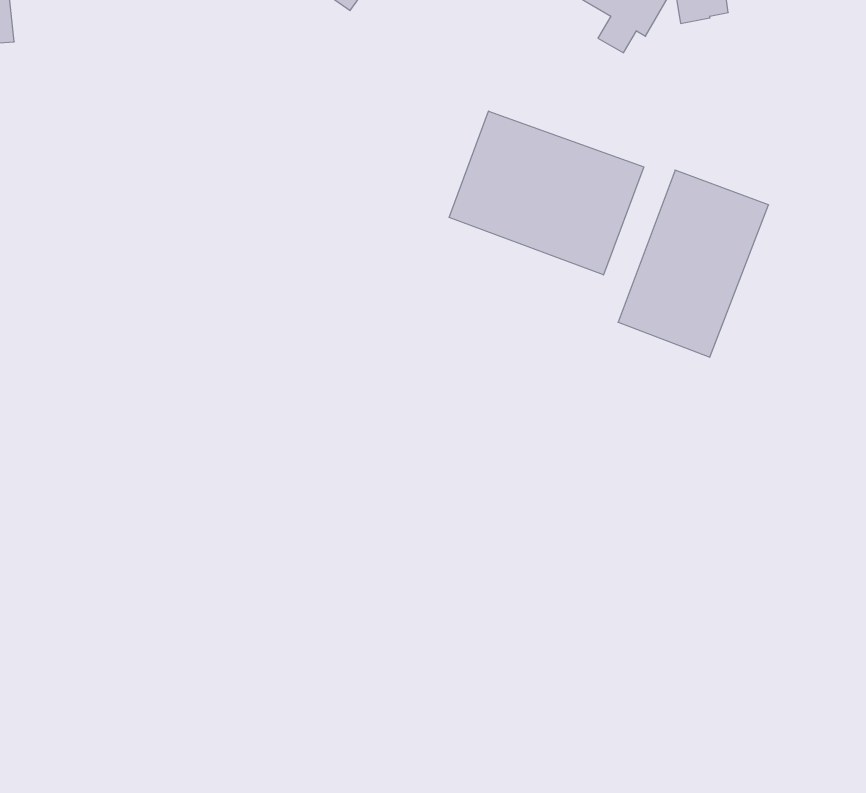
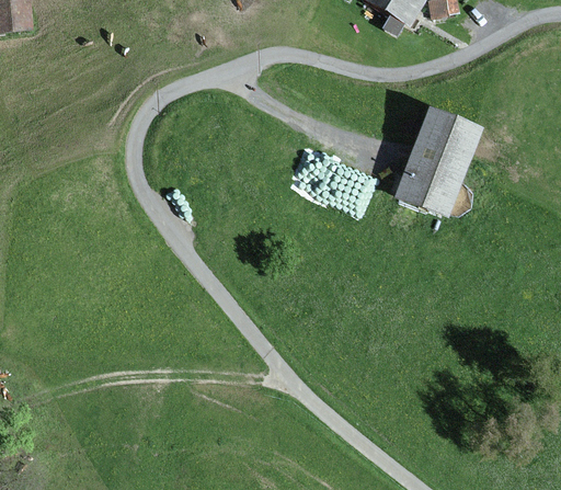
building: [449,111,644,275] -> none

